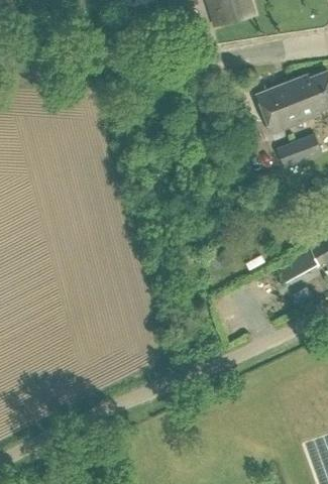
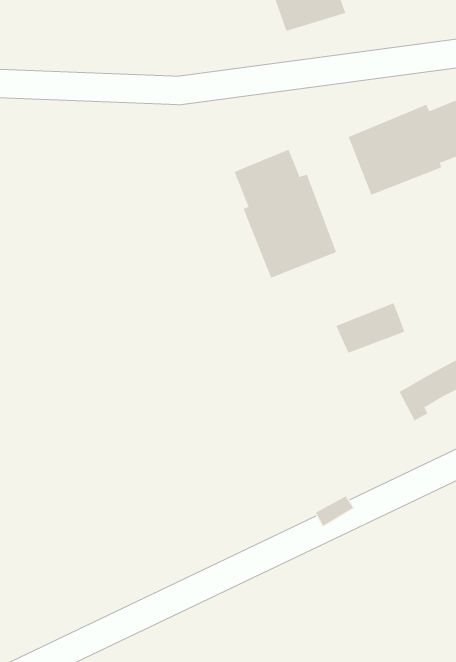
building: none -> [234,149,337,279]
building: [276,134,321,167] -> [336,302,405,354]

